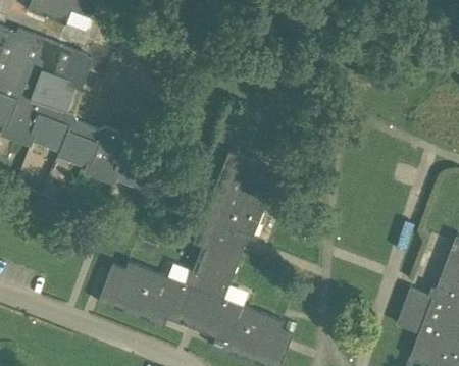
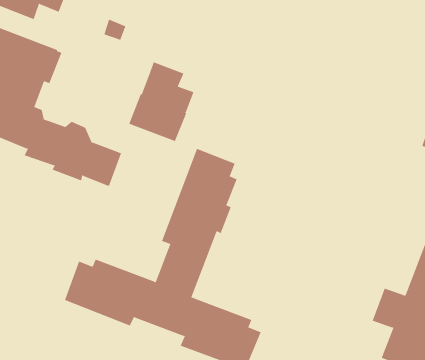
building: none -> [128,61,194,142]

